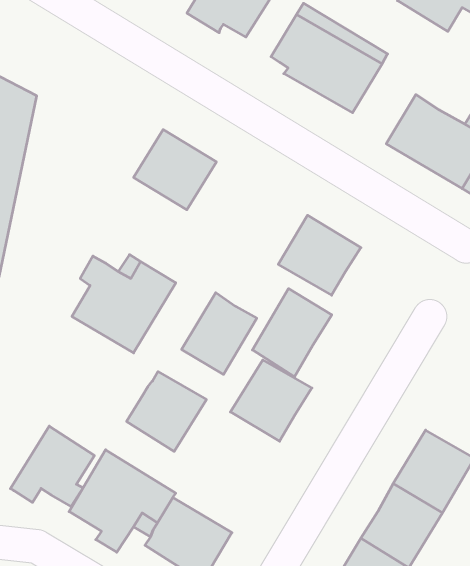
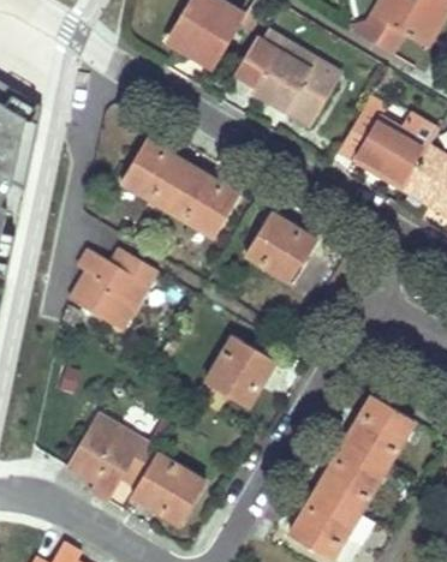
building: none -> [167,167,237,234]
building: [252,289,332,377] -> none
building: [182,293,257,374] -> none
building: [127,372,206,451] -> none
building: [10,426,94,506] -> none

